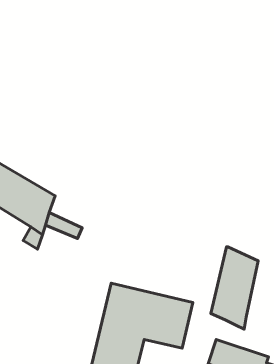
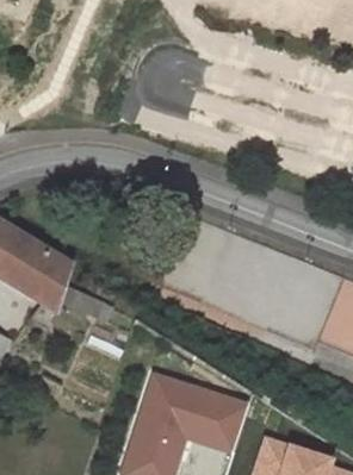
building: [211,247,258,329] -> none

